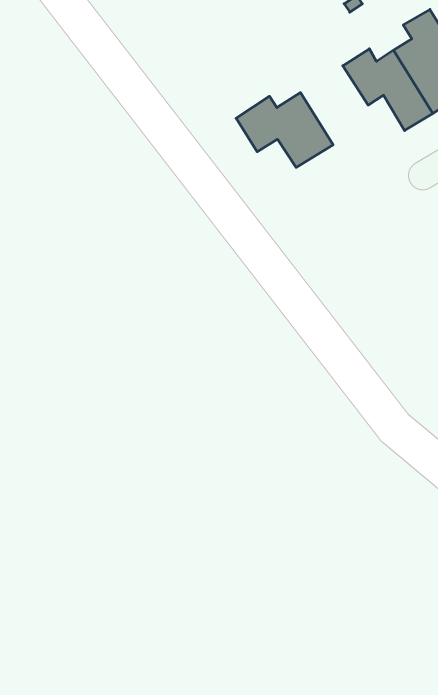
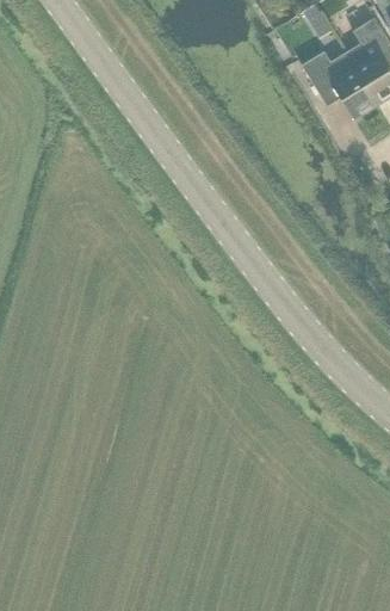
building: [236,93,333,167] -> none

